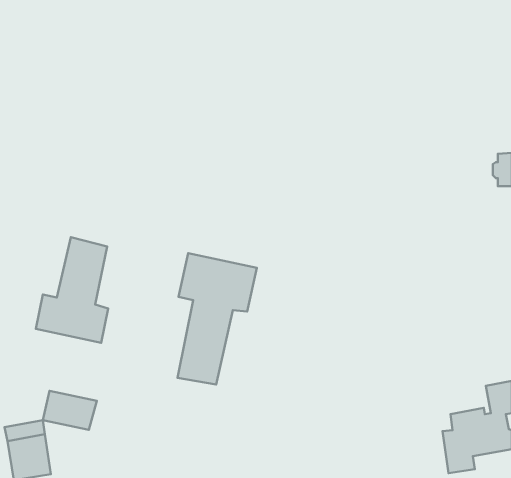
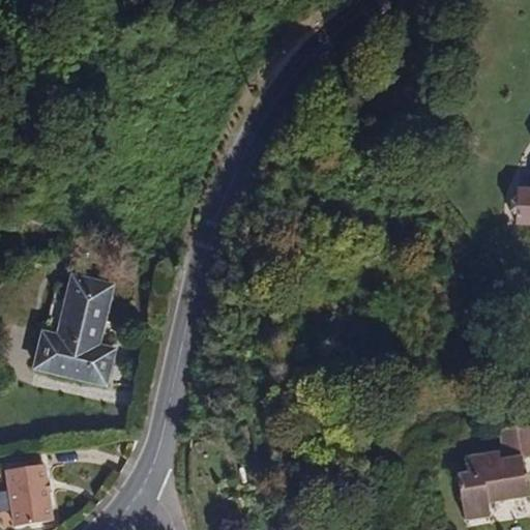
building: [178,253,257,385] -> none
building: [43,391,97,430] -> none

